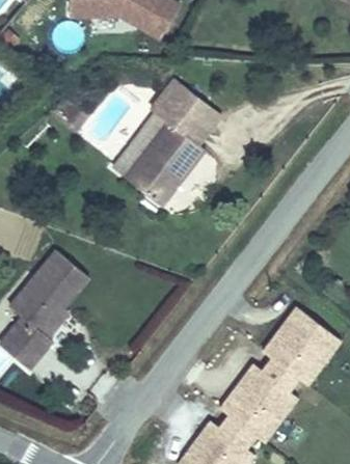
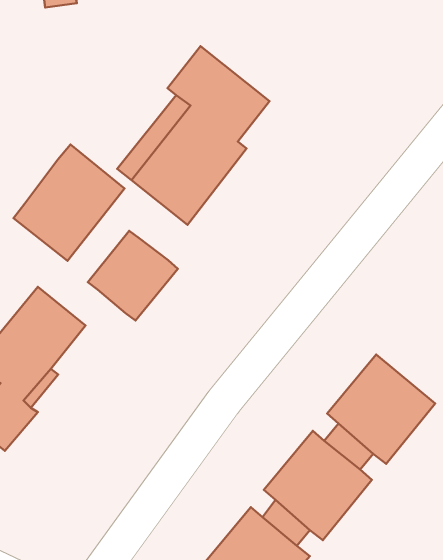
building: none -> [14,144,125,261]
building: none -> [88,231,178,320]

